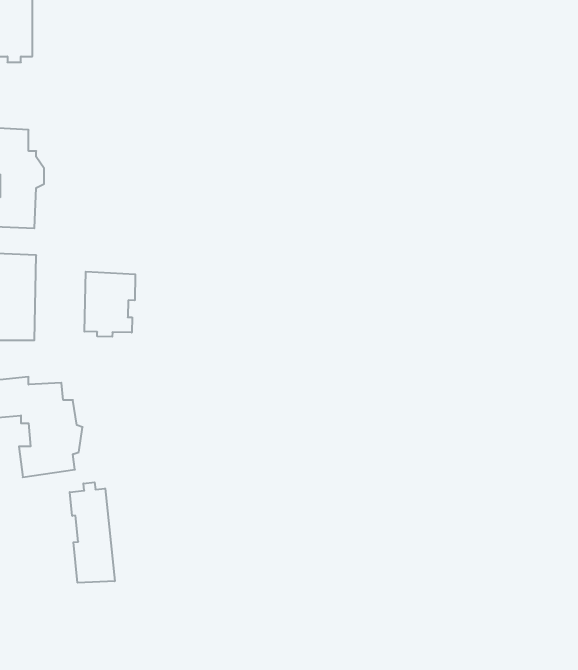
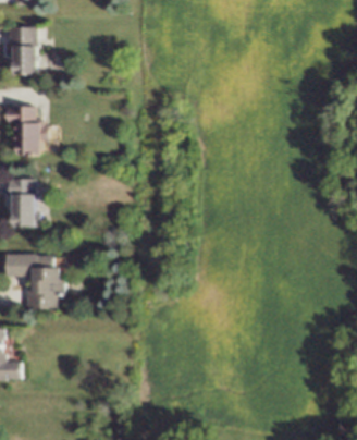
building: [84,272,135,337] -> none
building: [70,482,115,583] -> none

